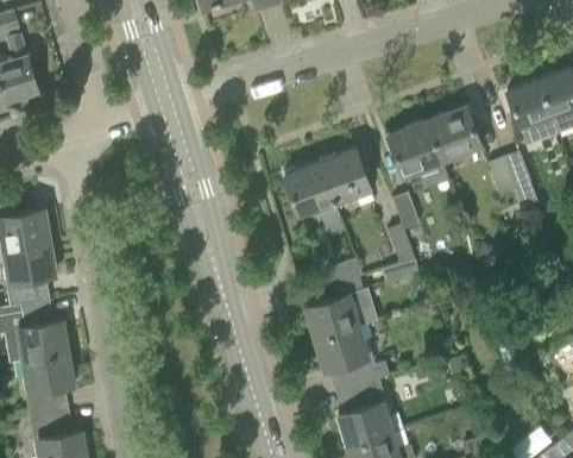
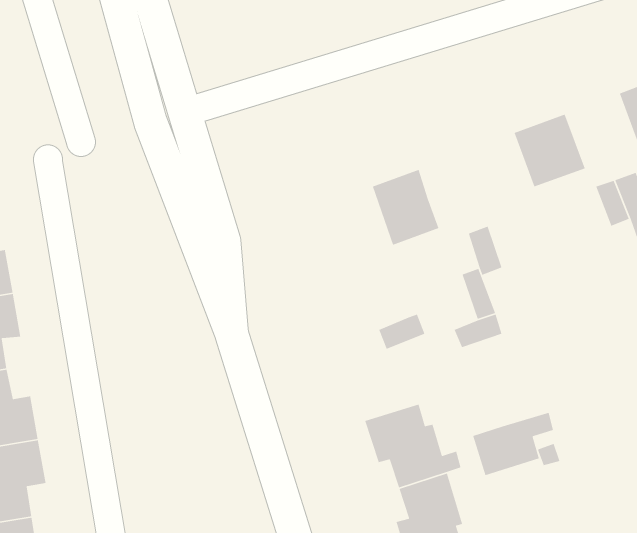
building: [388,120,442,177] -> none
building: [283,161,345,234] -> none
building: [304,289,366,338] -> [472,412,554,476]

